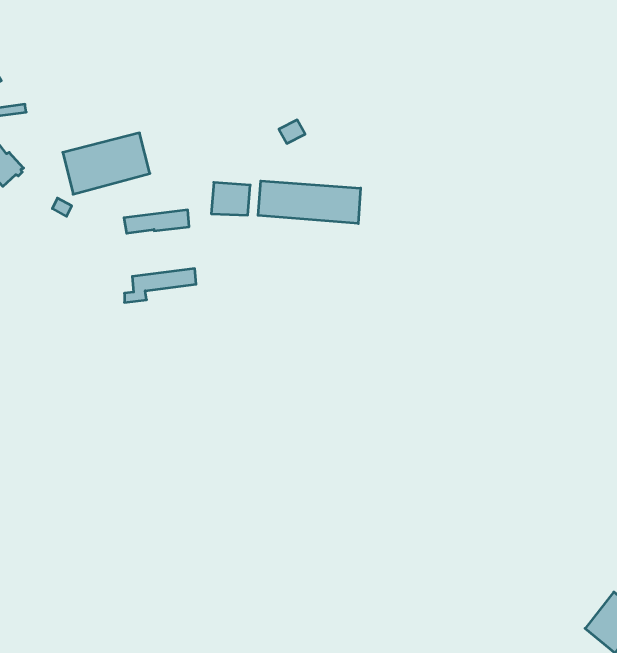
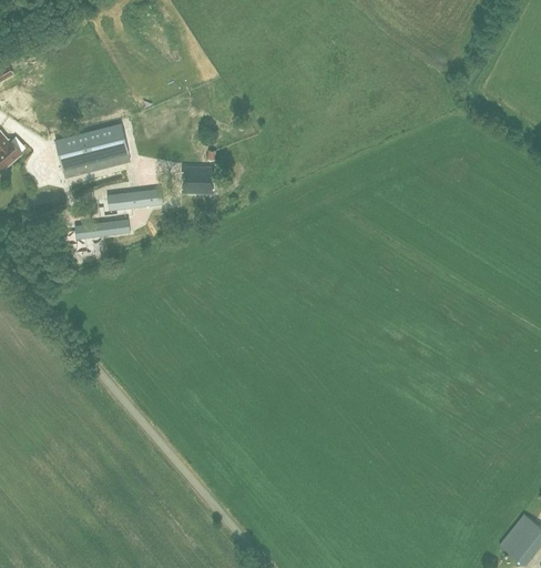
building: [258,181,361,224] -> none
building: [124,269,196,302] -> [69,219,130,247]

